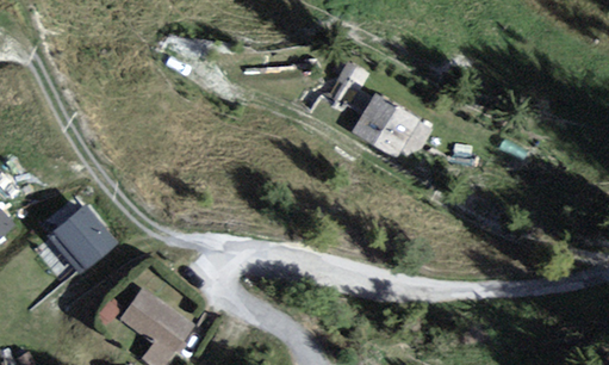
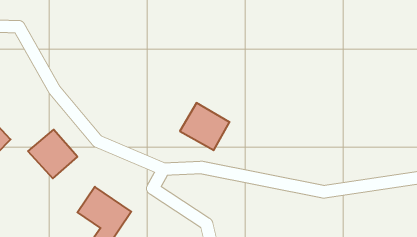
building: [346,92,417,160] -> [180,103,230,150]

